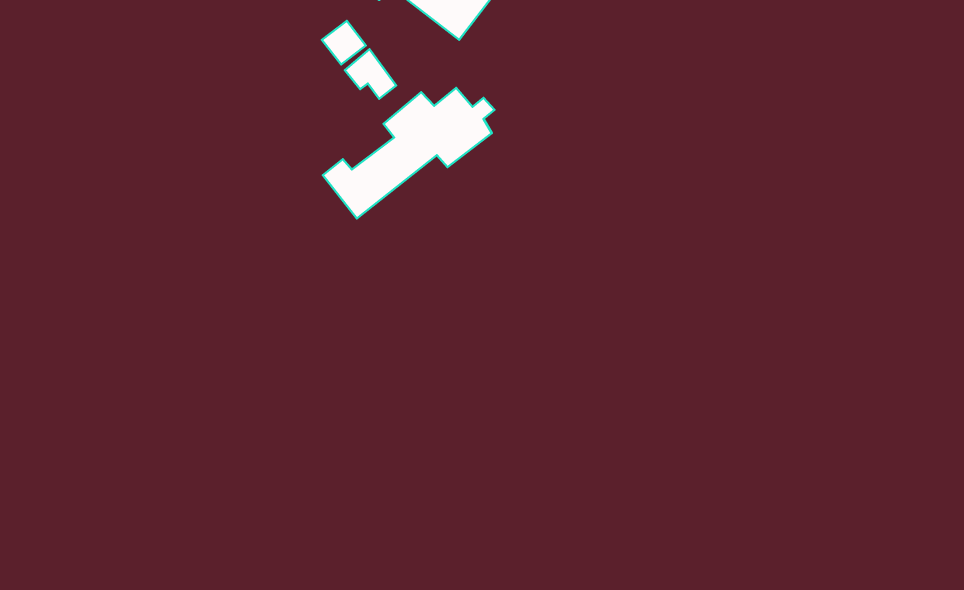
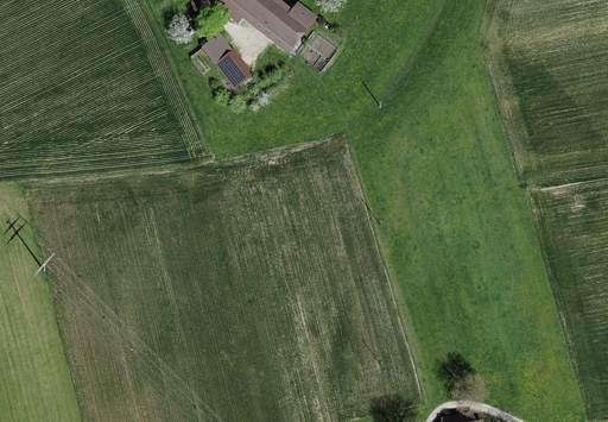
building: [323,88,494,219] -> none

